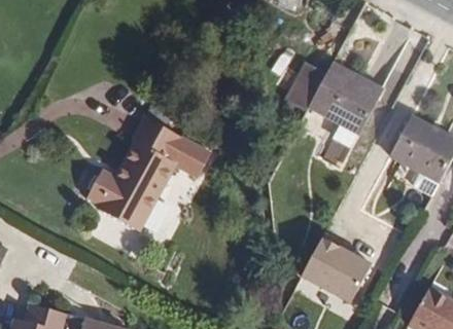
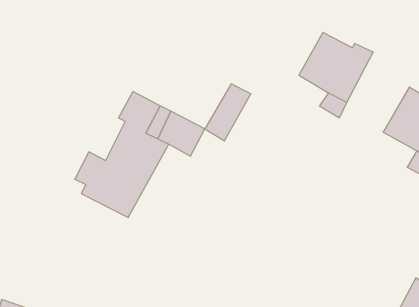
building: [288,52,332,106] -> [205,84,251,141]
building: [298,231,367,296] -> none

